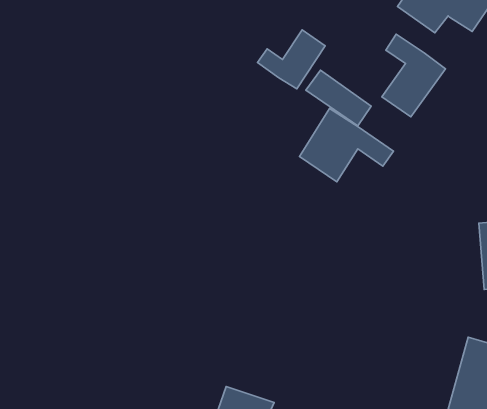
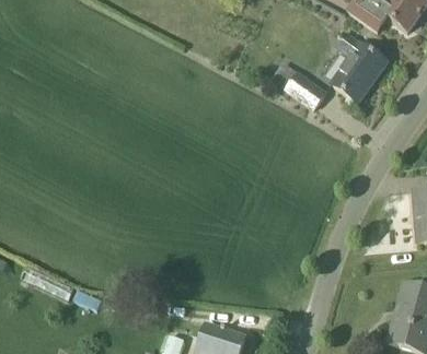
building: [257,30,325,89] -> none
building: [300,109,393,182] -> none

